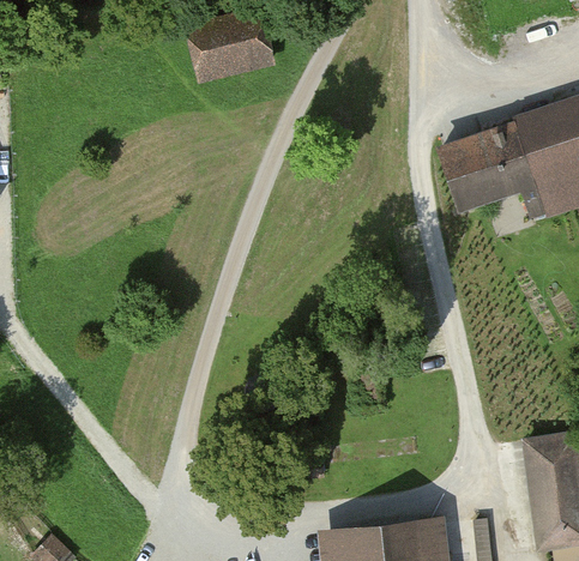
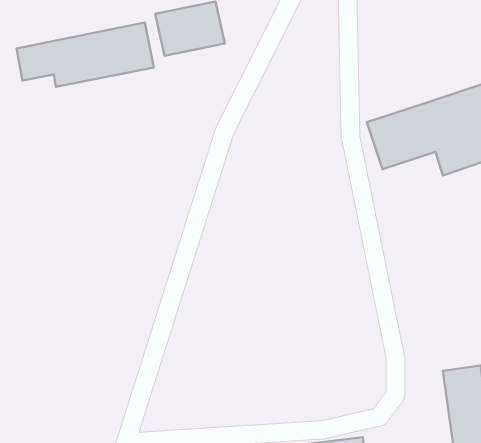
building: none -> [16,22,154,87]

